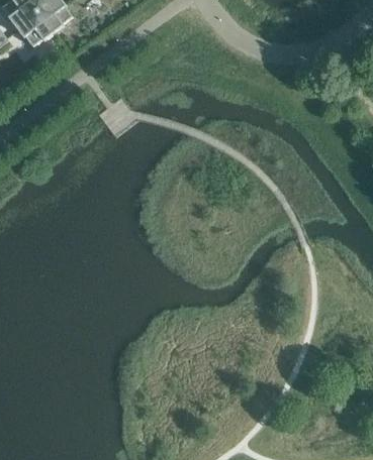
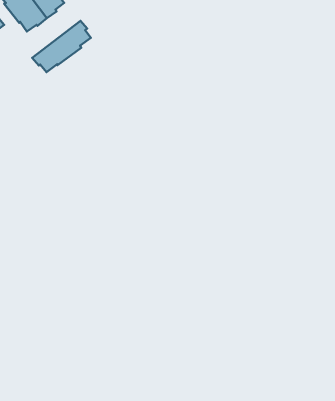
building: none -> [32,21,91,72]

